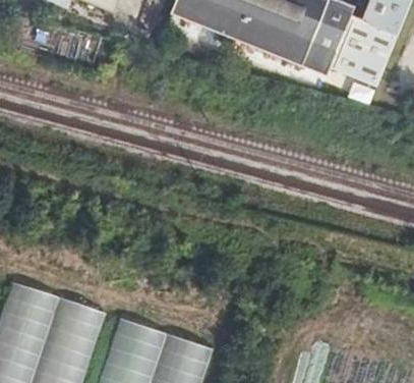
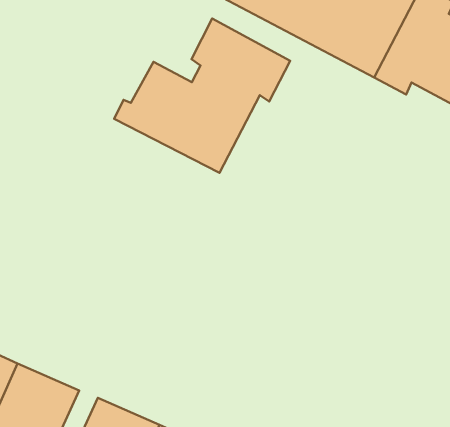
building: none -> [114,19,290,173]

